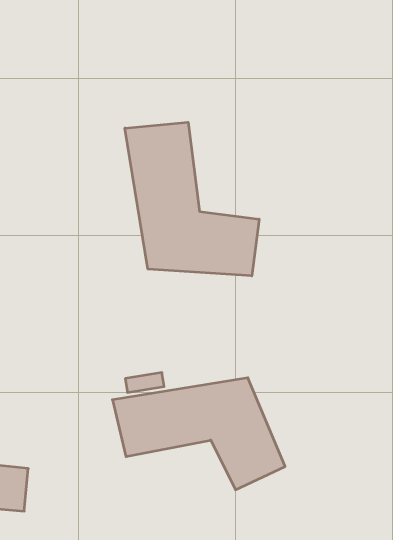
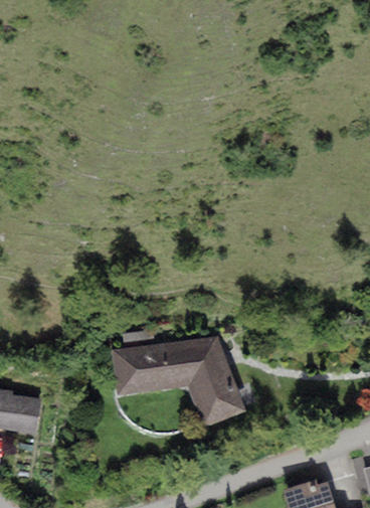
building: [125,122,259,276] -> none

